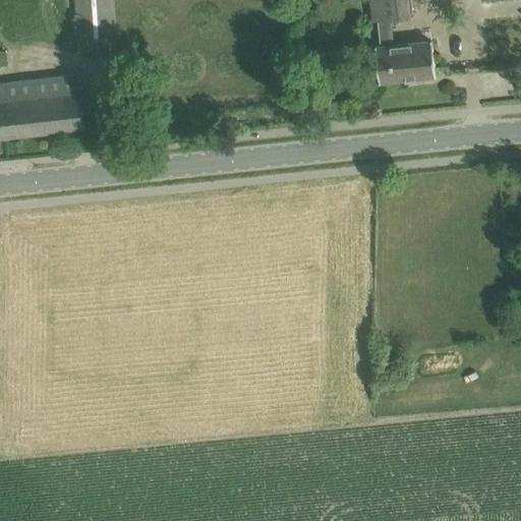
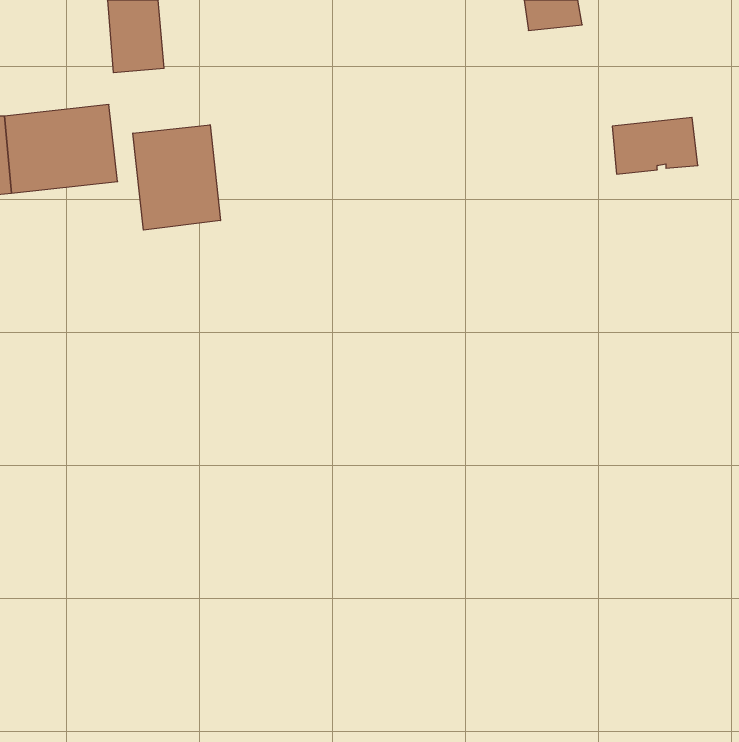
building: [374,41,435,80] -> [612,117,698,174]
building: none -> [133,125,220,230]

